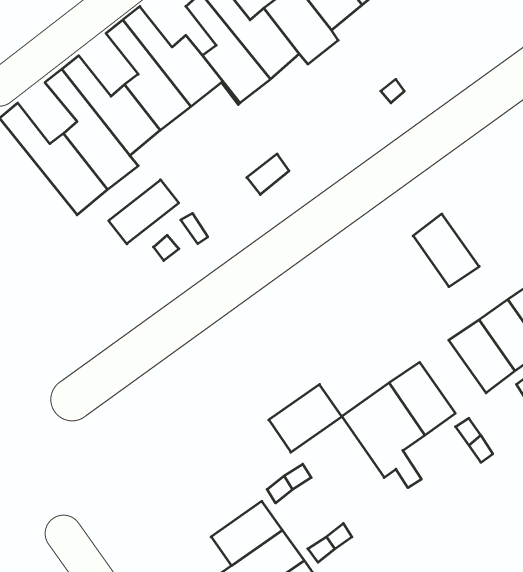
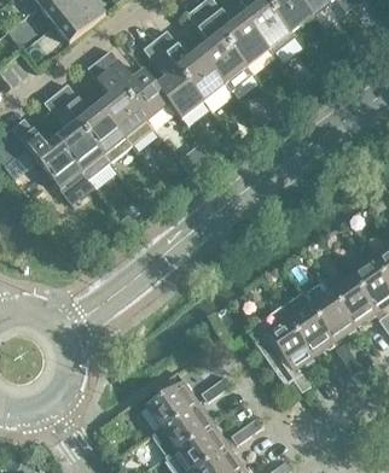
building: [109,180,179,244] -> none
building: [413,214,479,287] -> [309,286,356,338]
building: [269,384,342,452] -> [145,378,197,426]

